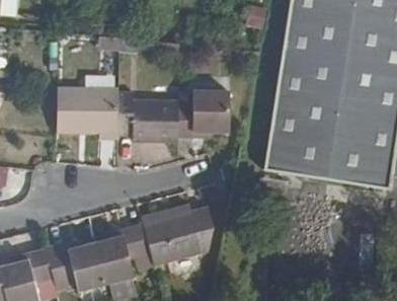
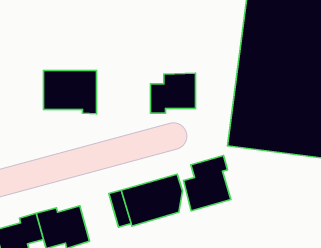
building: [117,89,179,137] -> none
building: none -> [184,155,231,211]
building: [98,234,139,283] -> none

